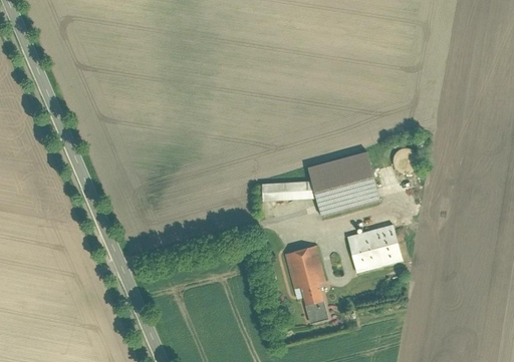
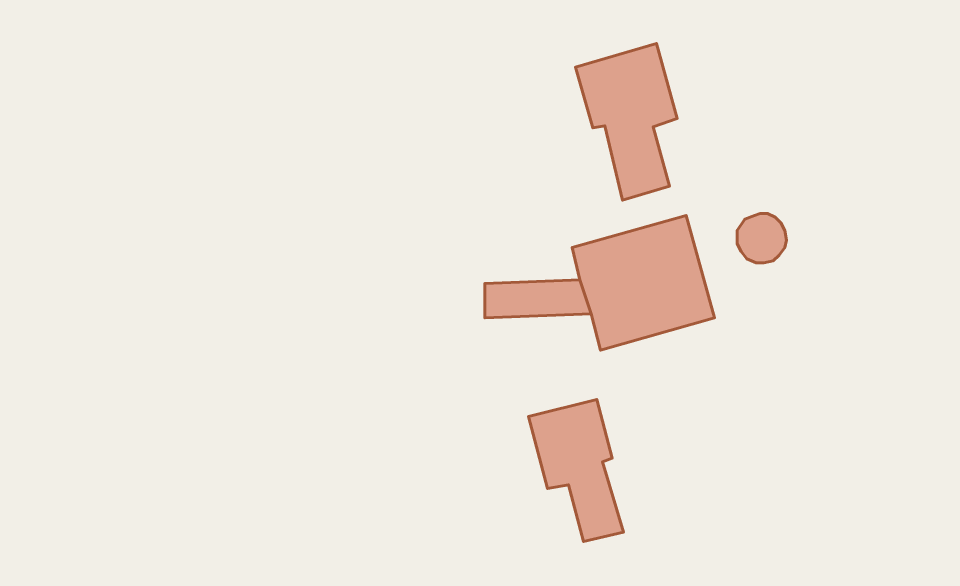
building: none -> [576,44,677,200]
building: [346,224,404,274] -> none

